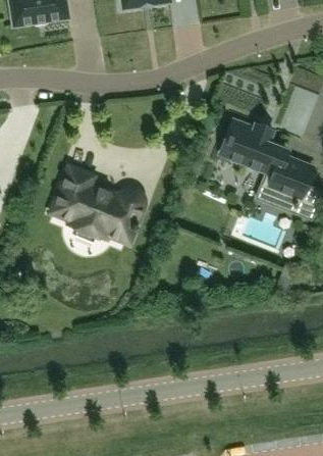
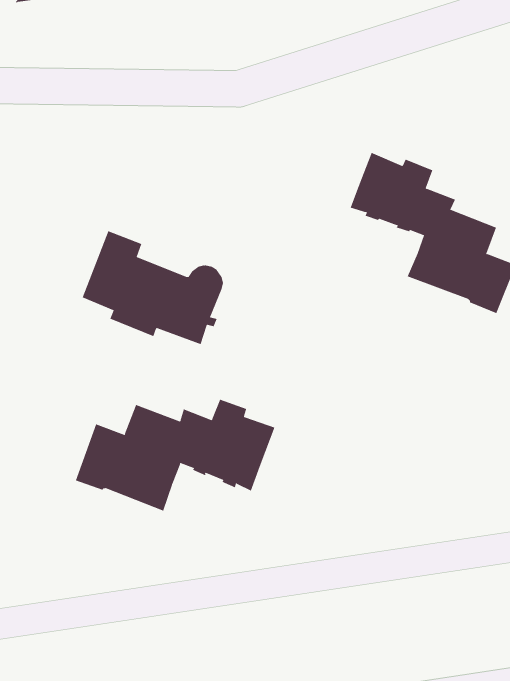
building: none -> [75,399,275,511]

